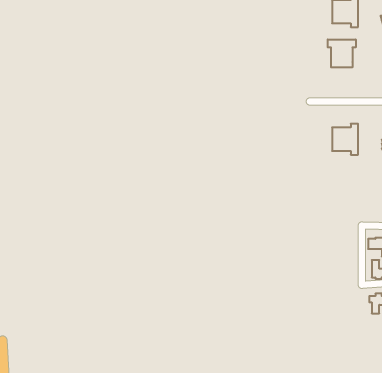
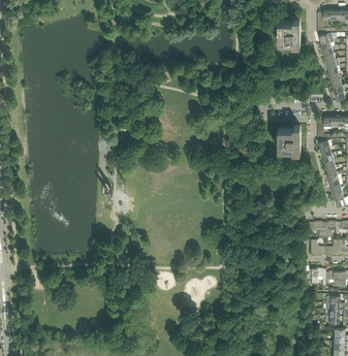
building: [328,39,356,67] -> none

